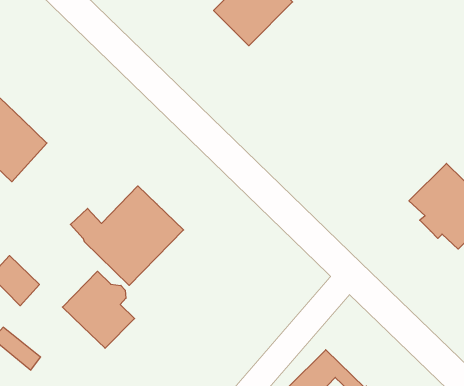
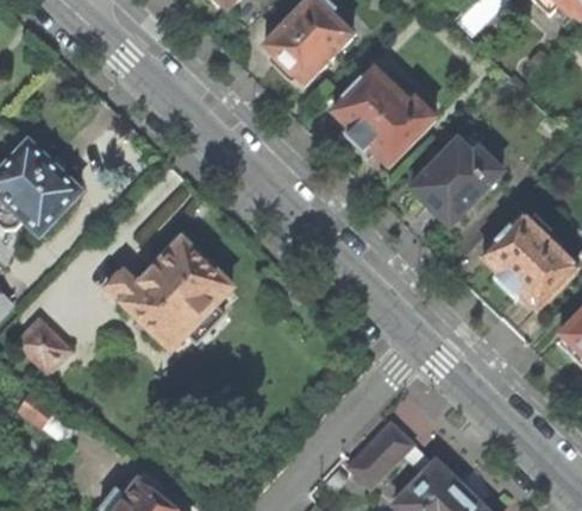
building: none -> [334,69,437,164]
building: none -> [414,134,502,223]
building: [62,271,135,348] -> none

